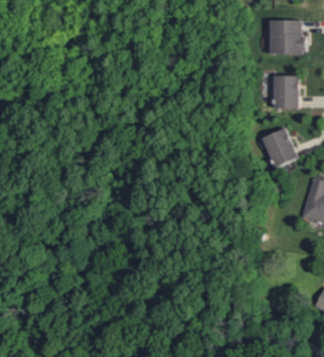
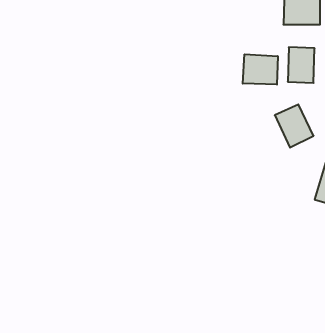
building: none -> [243,54,278,85]

